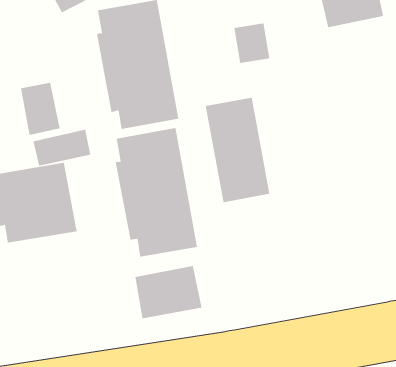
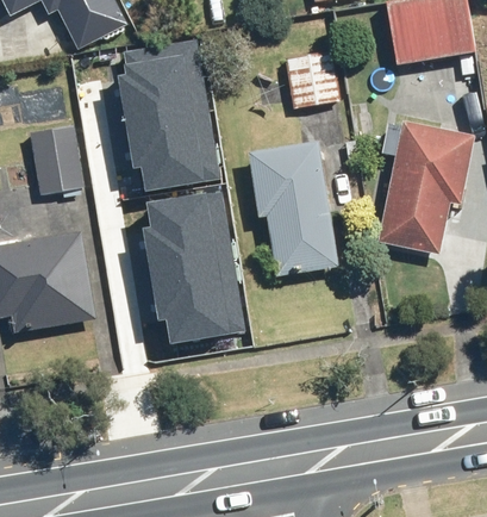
building: none -> [383,120,475,245]
building: [33,129,91,166] -> none
building: [135,265,202,319] -> none

